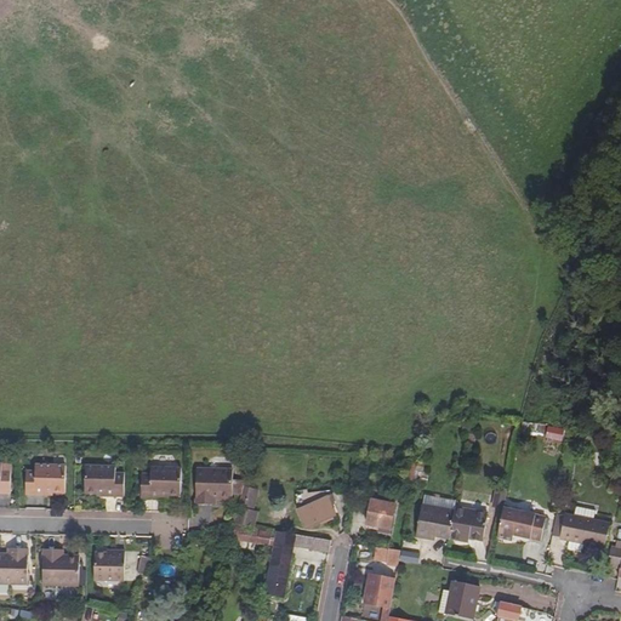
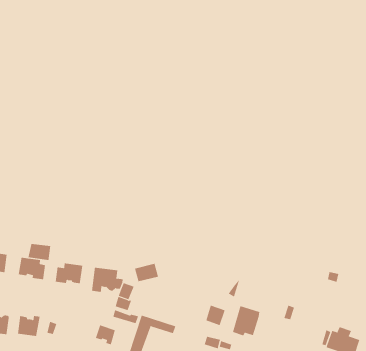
building: none -> [28,243,51,261]
building: [297,494,336,525] -> [134,263,159,282]
building: [448,506,485,539] -> none
building: [495,507,542,539] -> none
building: none -> [95,324,116,345]

